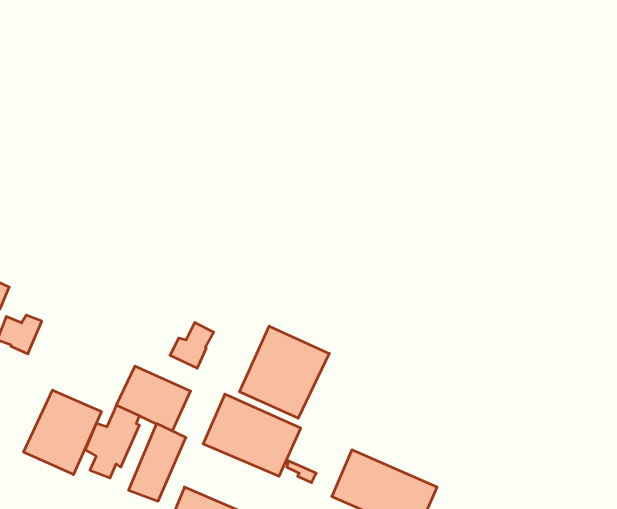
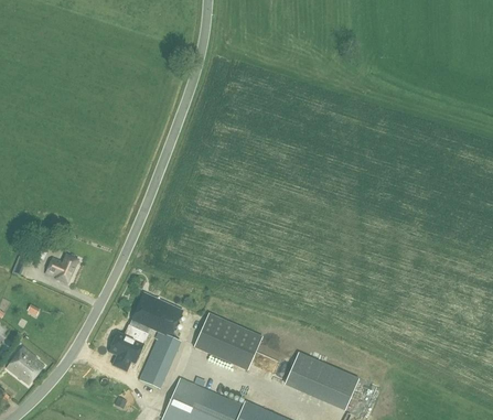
building: [170,322,214,368] -> none
building: [240,326,329,418] -> none
building: [24,390,101,475] -> none

